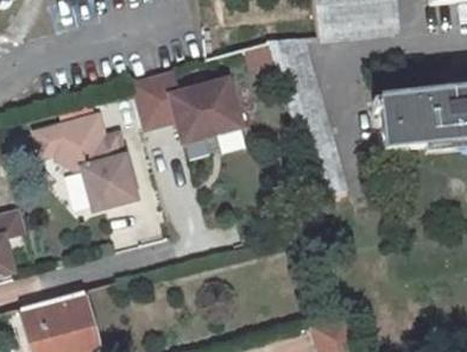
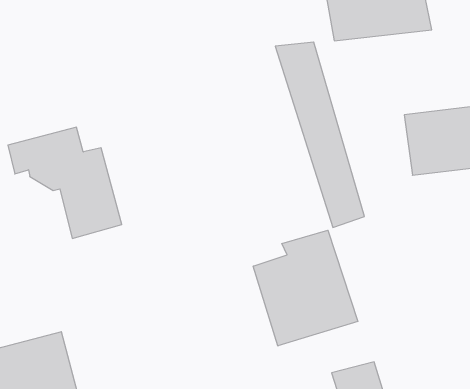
building: [128,68,240,142] -> none
building: none -> [253,230,358,346]

